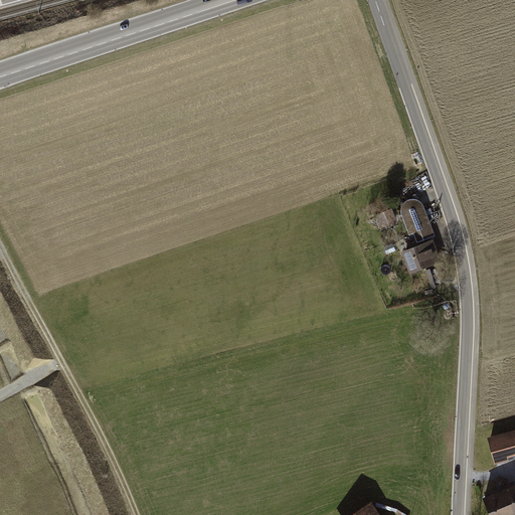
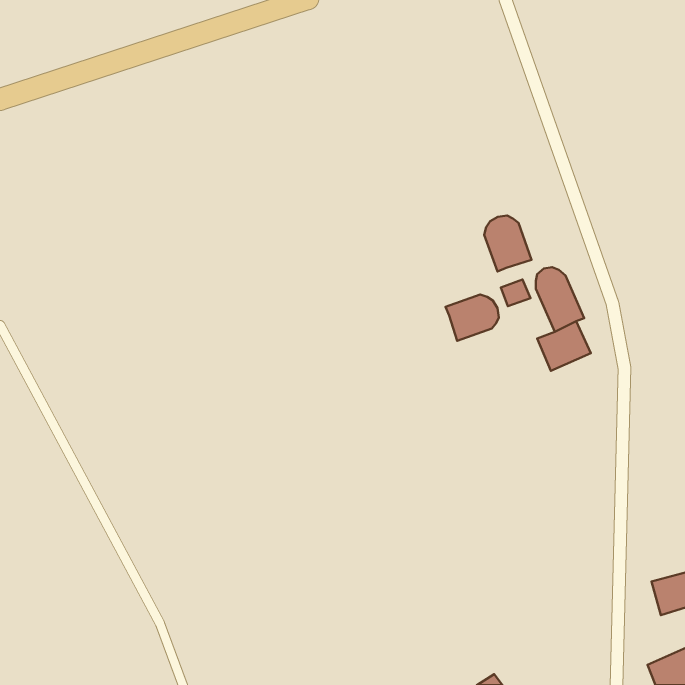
building: none -> [484,215,532,272]
building: none -> [445,295,499,341]

